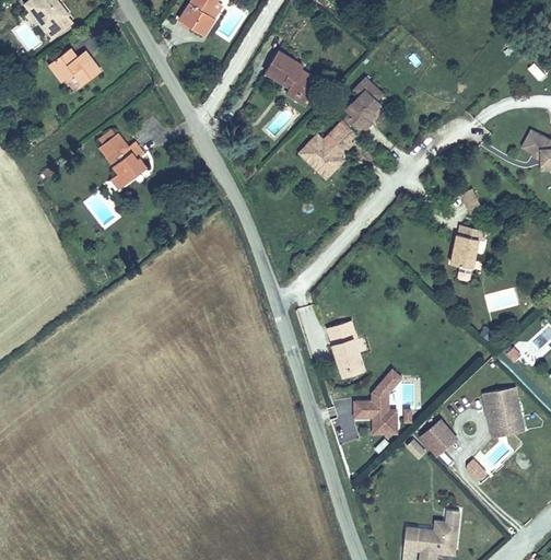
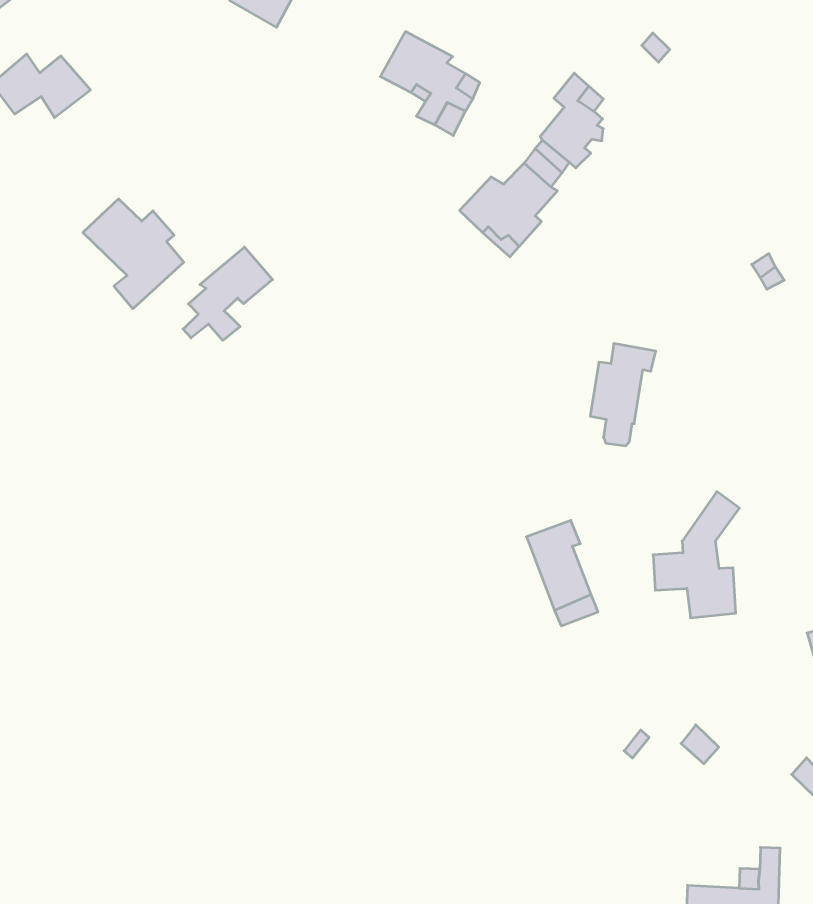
building: none -> [183,247,273,340]
building: [447,218,485,275] -> [590,344,656,446]
building: [354,368,403,436] -> [653,492,739,618]
building: [420,420,459,459] -> none

